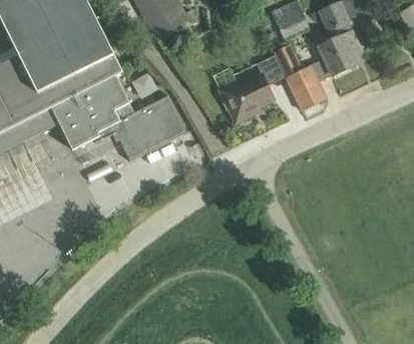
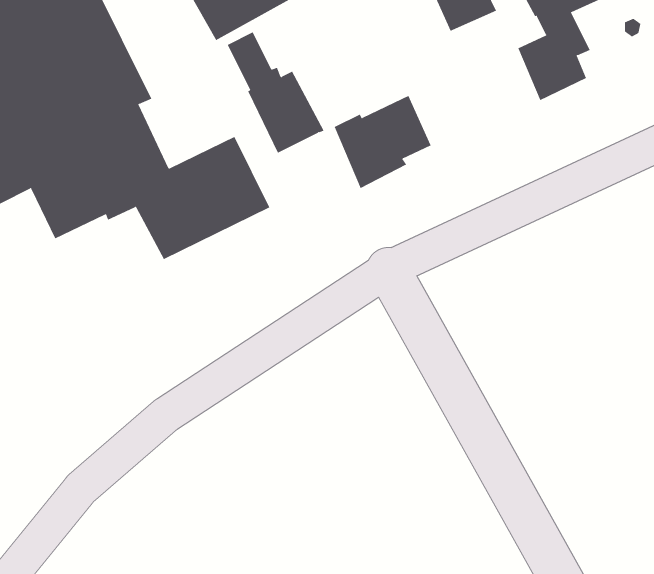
building: [273,43,325,108] -> [227,32,324,153]

